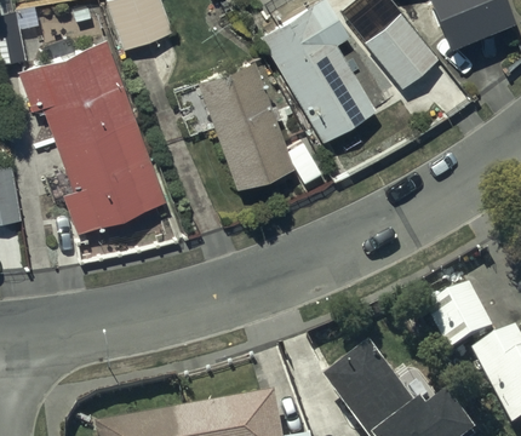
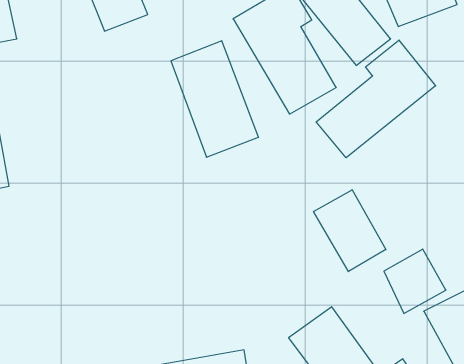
building: [18,40,165,233] -> none
building: none -> [316,40,436,158]
building: none -> [314,190,386,272]

